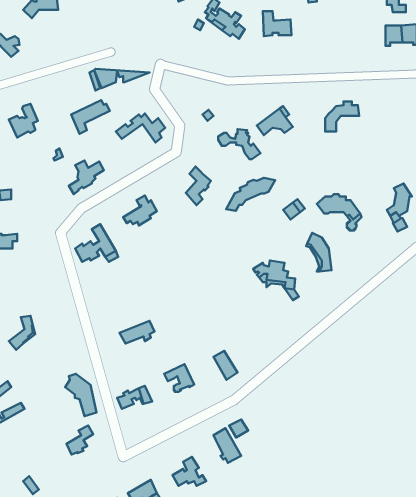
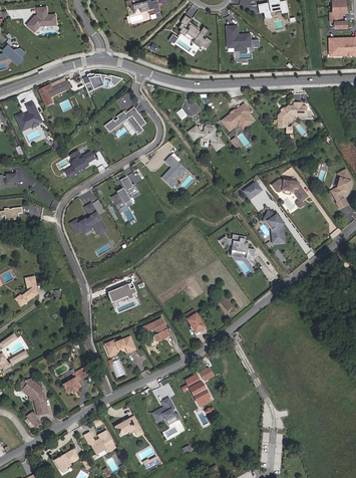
building: [71,100,110,134] -> [38,77,70,105]
building: [226,178,275,211] -> none
building: [65,374,96,416] -> [22,380,48,415]

